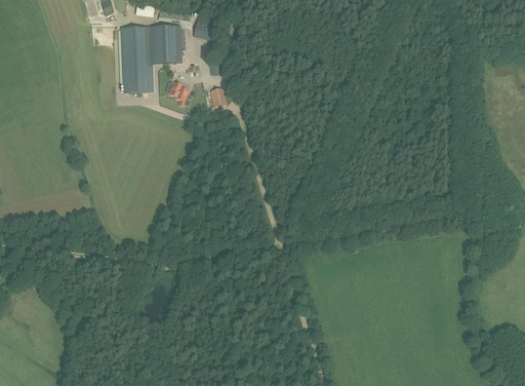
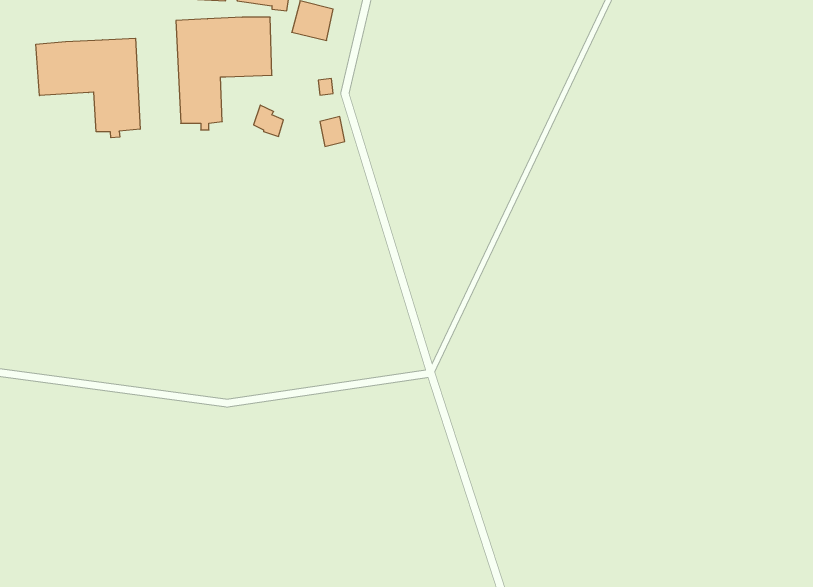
building: none -> [36,38,140,138]

